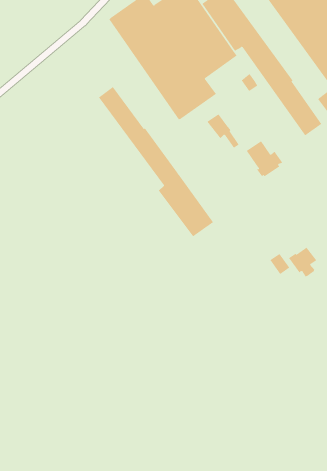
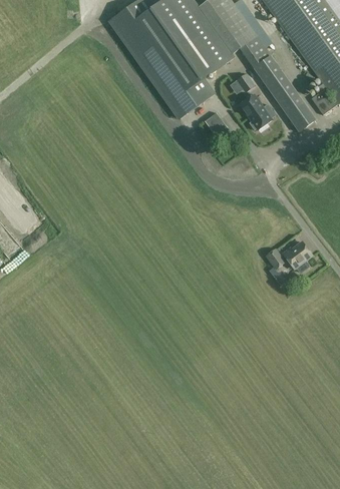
building: [98,86,214,237] -> none
building: [246,141,283,177] -> [240,93,276,128]

